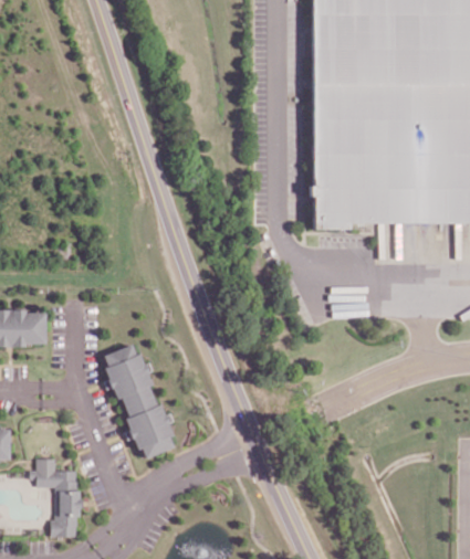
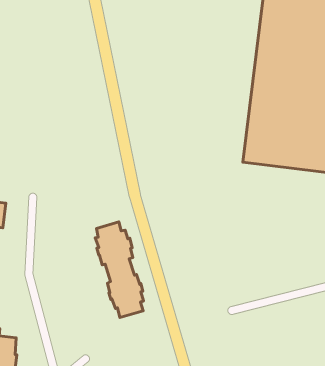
building: [103,342,170,455] -> [95,222,144,317]

